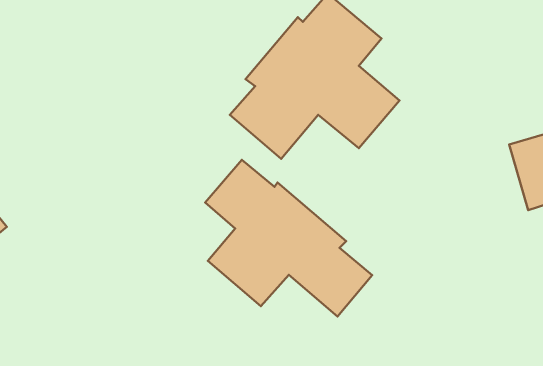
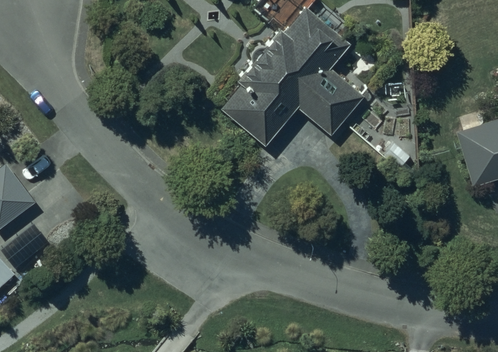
building: [205,160,372,316] -> none

